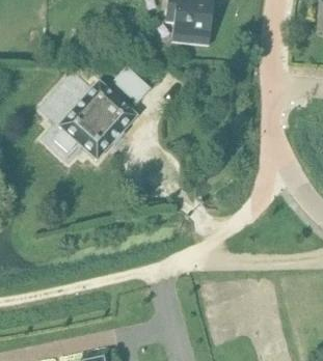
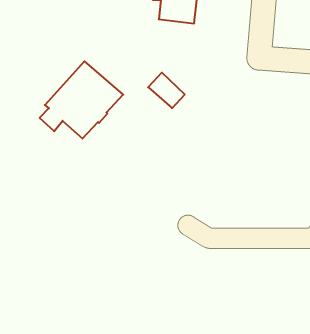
building: [112,65,149,101] -> [148,73,185,108]

